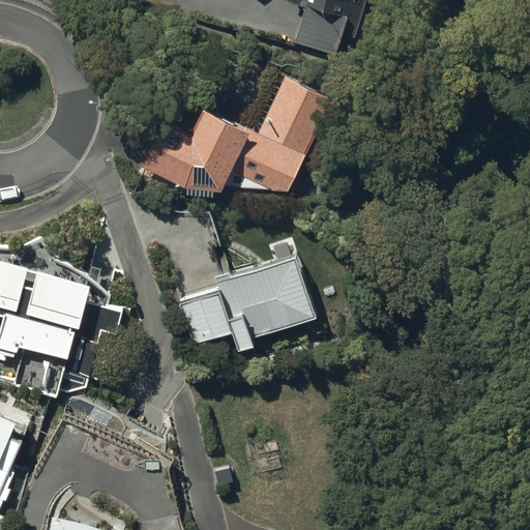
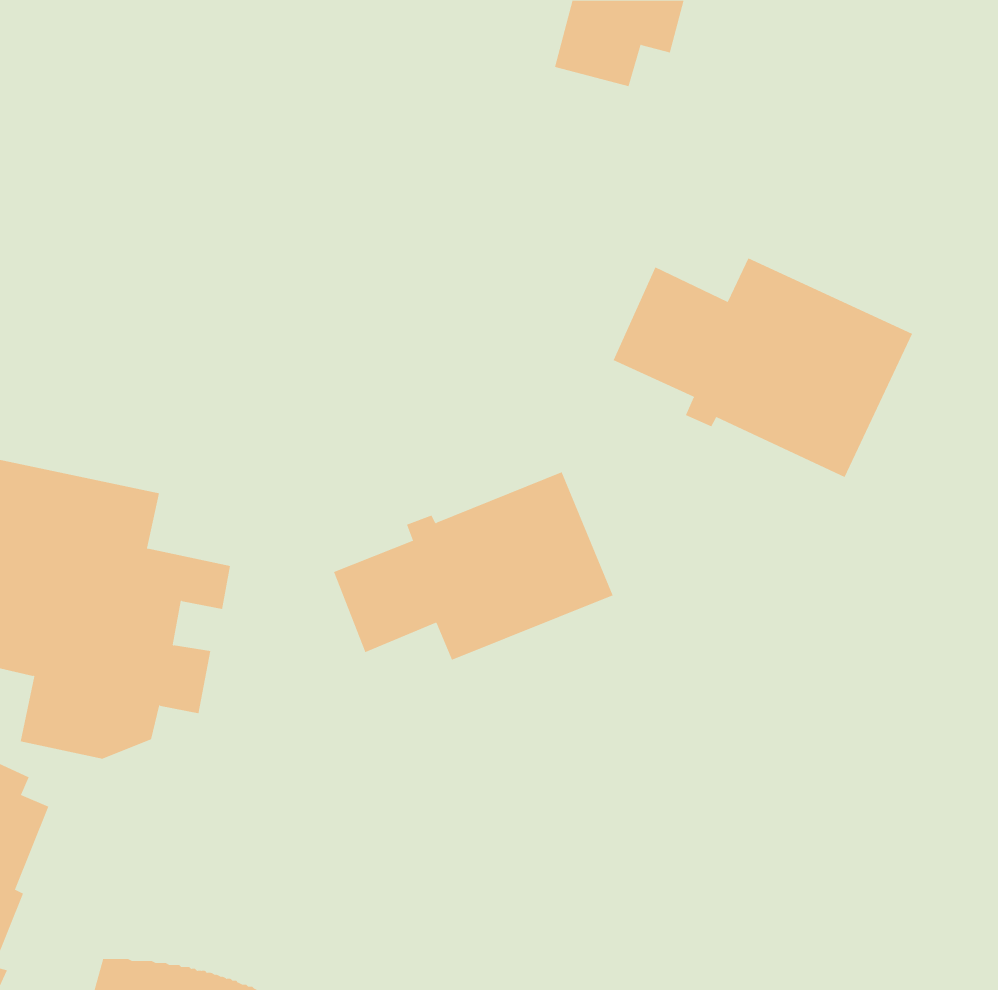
building: [137,68,328,197] -> none
building: none -> [613,258,913,478]

